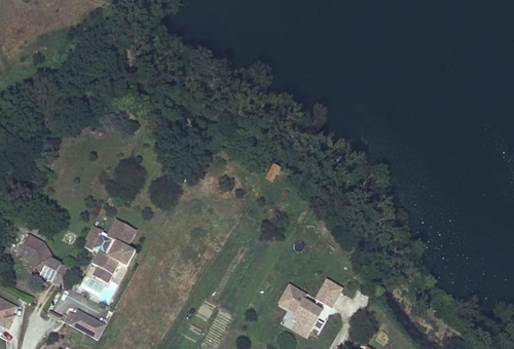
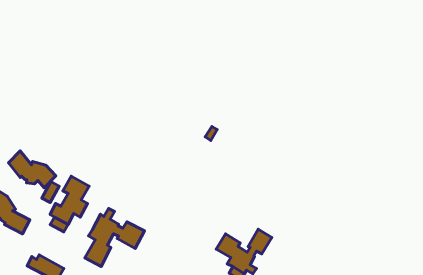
building: none -> [9,151,56,188]
building: none -> [85,209,145,267]

